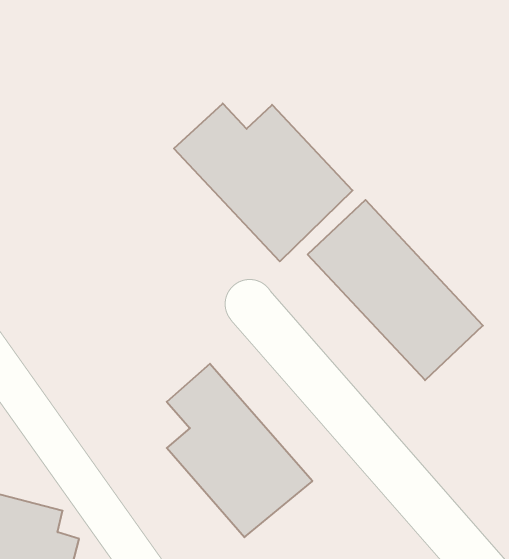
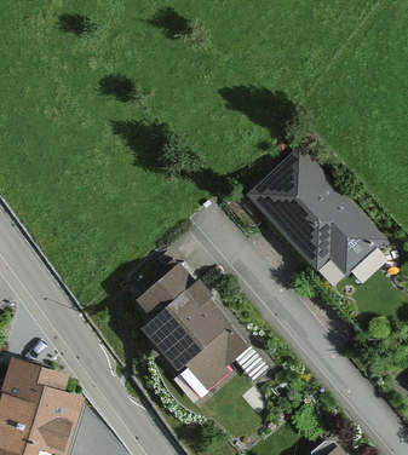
building: [174,103,353,261] -> none

